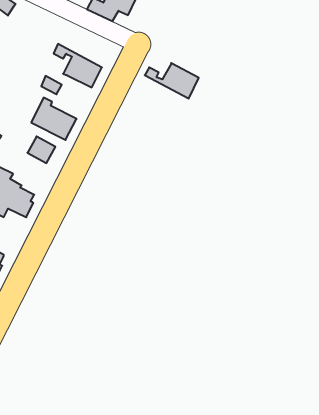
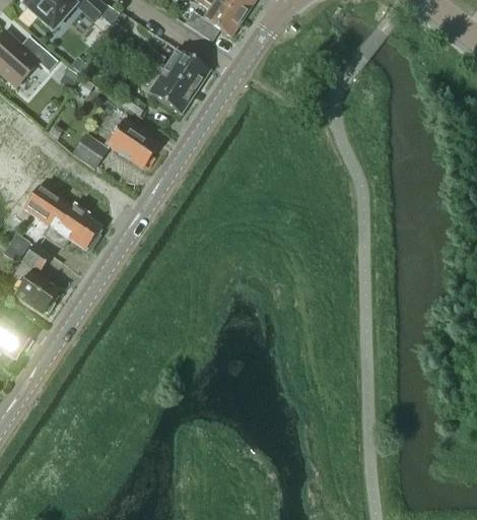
building: [145,63,199,99] -> [147,48,208,90]
building: [27,136,55,163] -> [74,134,107,166]

